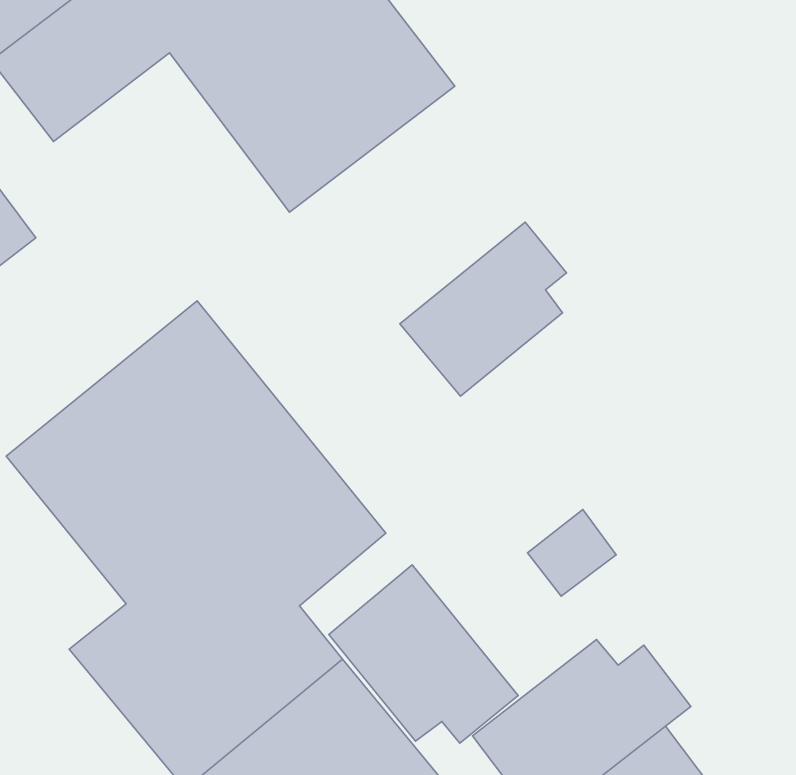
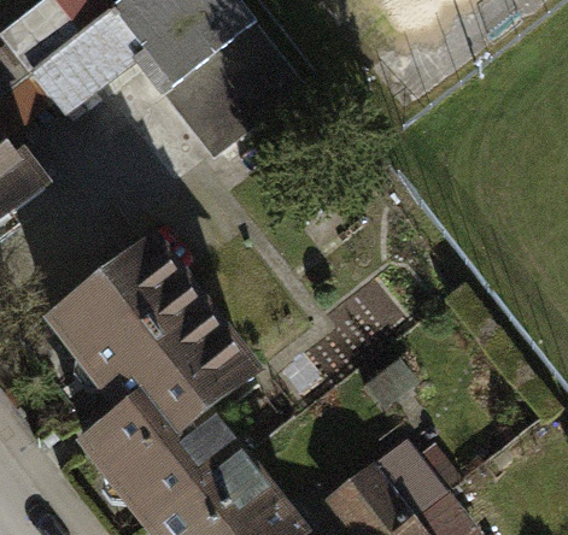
building: [400,222,567,396] -> none
building: [329,565,518,743] -> none

